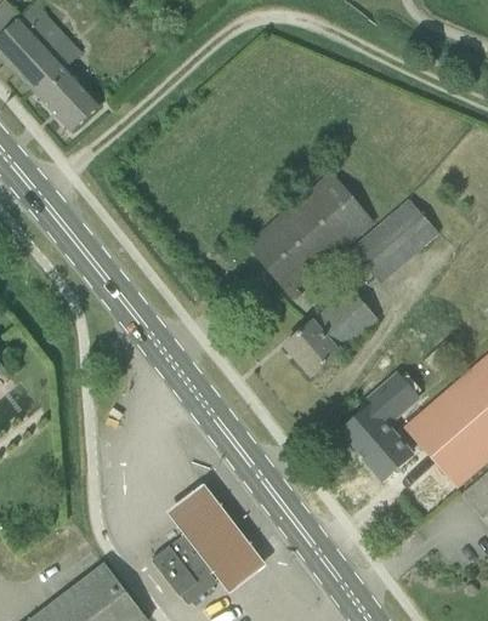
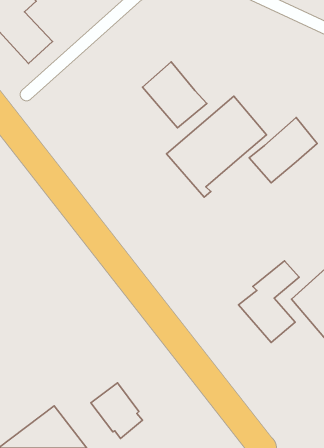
building: none -> [143,62,207,128]
building: [284,290,376,377] -> none
building: [166,478,267,587] -> none

